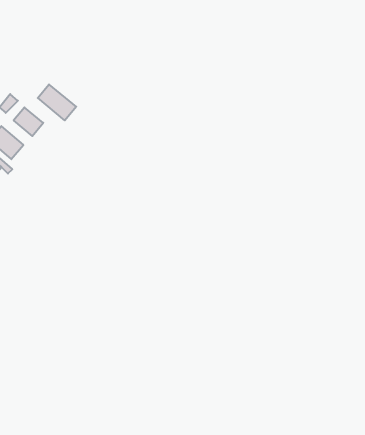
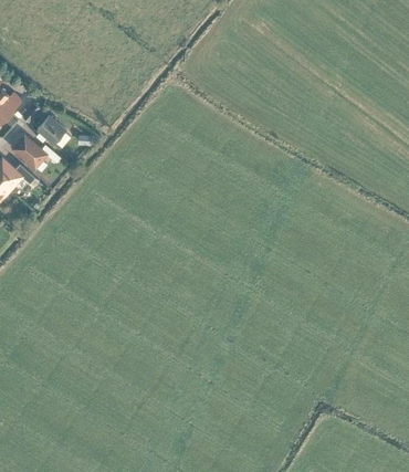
building: [38,84,76,120] -> none

